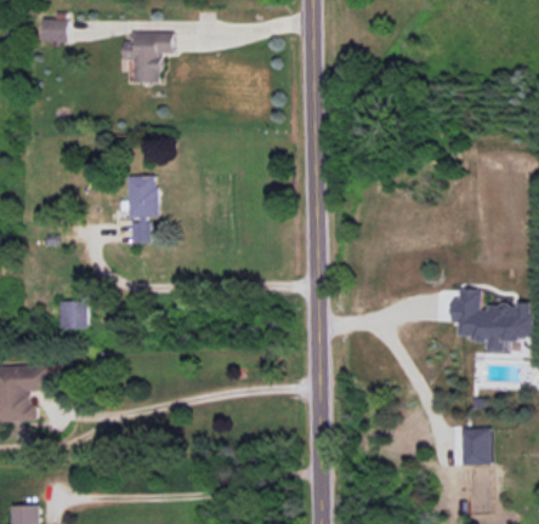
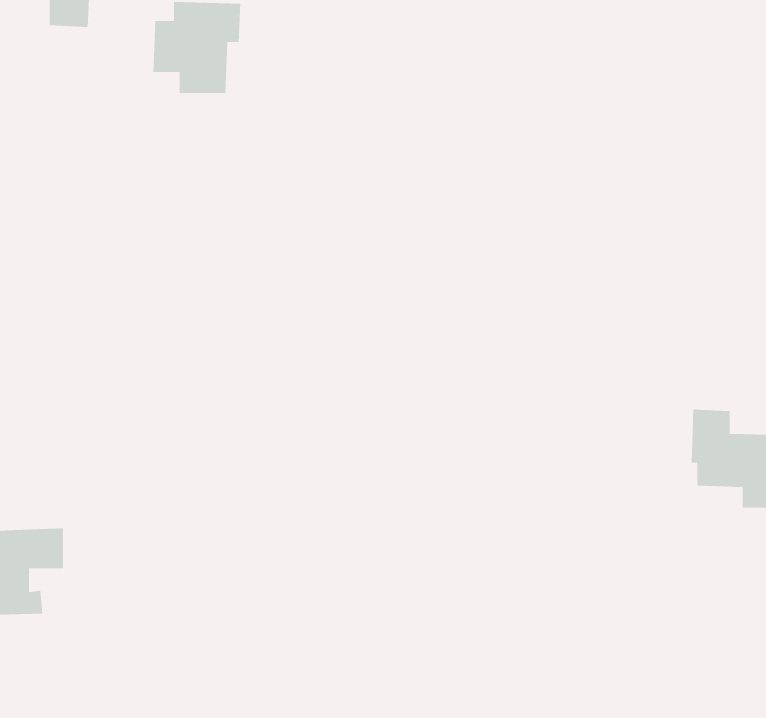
building: [129,176,158,244] -> none
building: [59,301,87,330] -> none
building: [463,428,492,466] -> none

